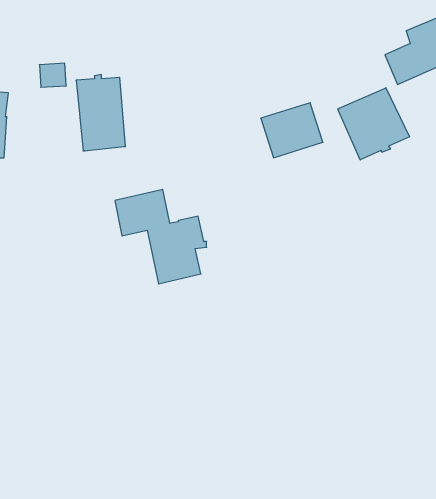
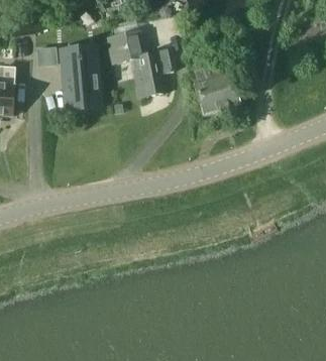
building: [338,88,409,160] -> none
building: [115,189,207,284] -> [107,29,173,97]

